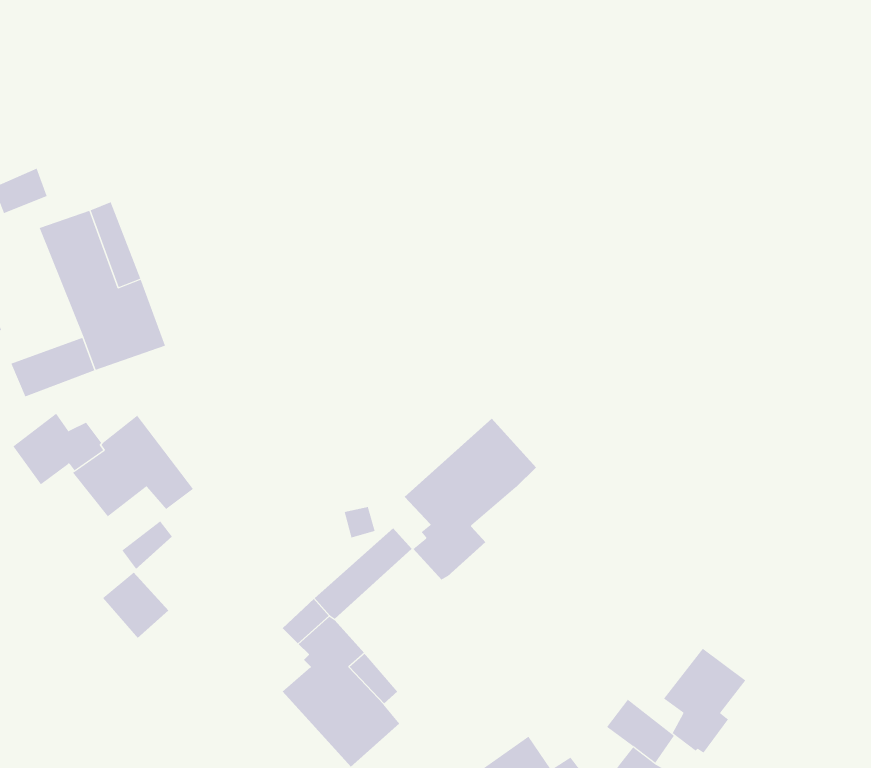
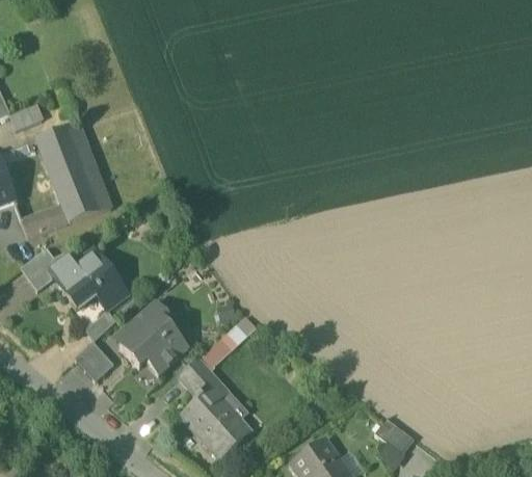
building: [404,418,537,581] -> none
building: none -> [119,301,188,374]
building: [663,648,746,754] -> none

